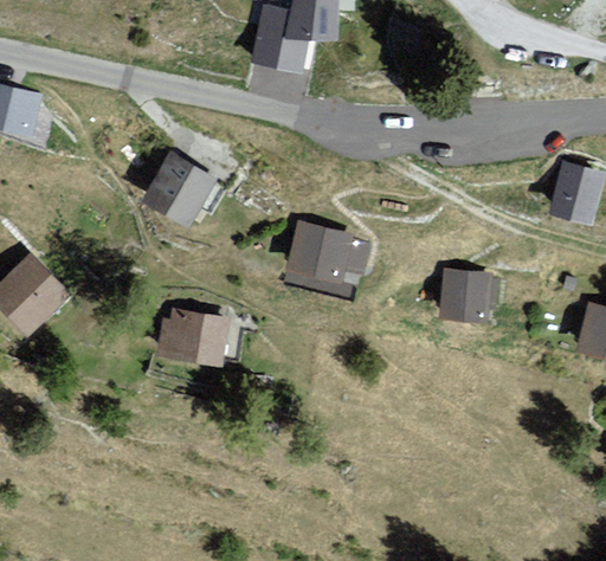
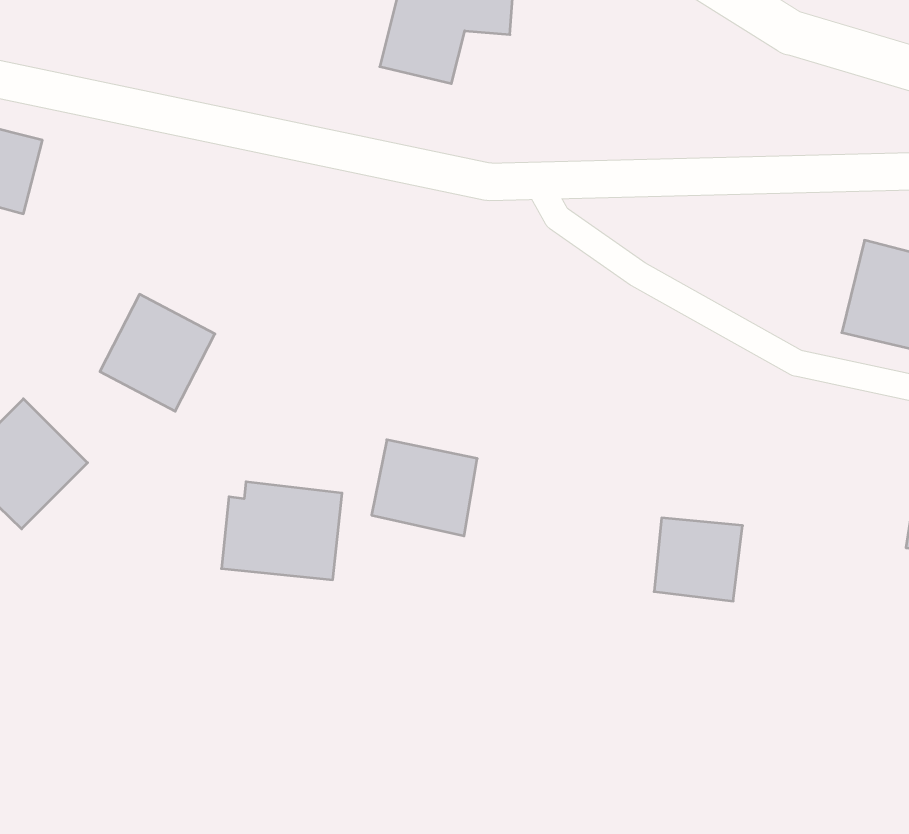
building: [142,154,214,227] -> [100,294,215,411]
building: [286,224,353,284] -> [372,440,477,536]
building: [439,272,495,324] -> [654,518,743,601]

